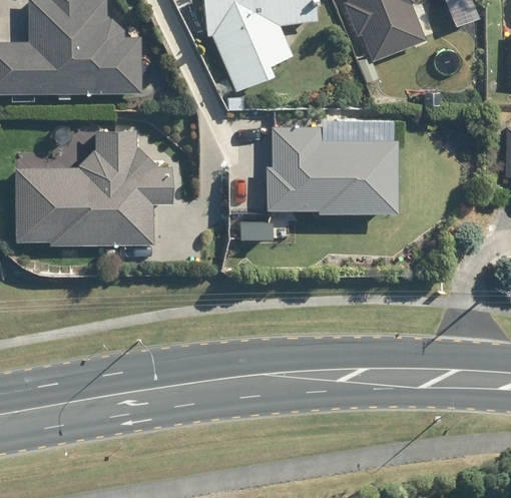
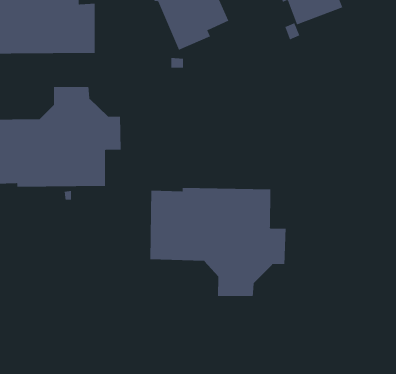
building: [265,124,394,212] -> none
building: none -> [150,187,286,297]

